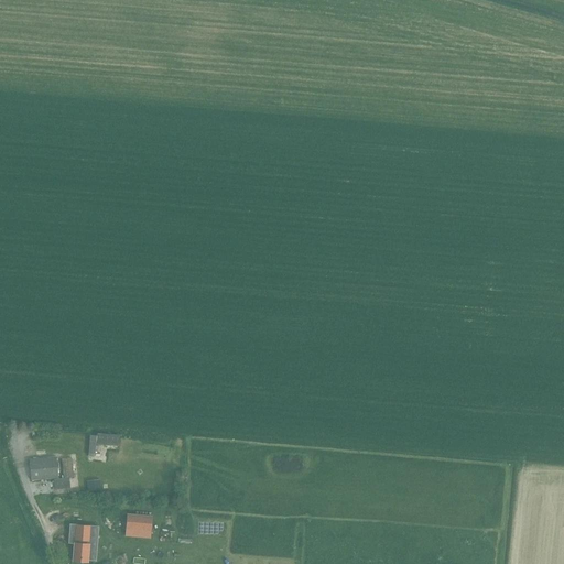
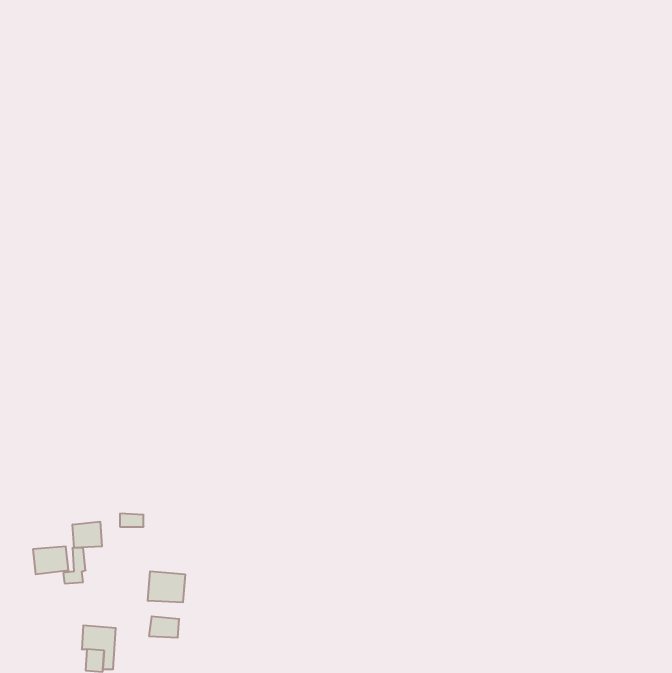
building: none -> [73,522,102,548]
building: none -> [148,571,185,602]

